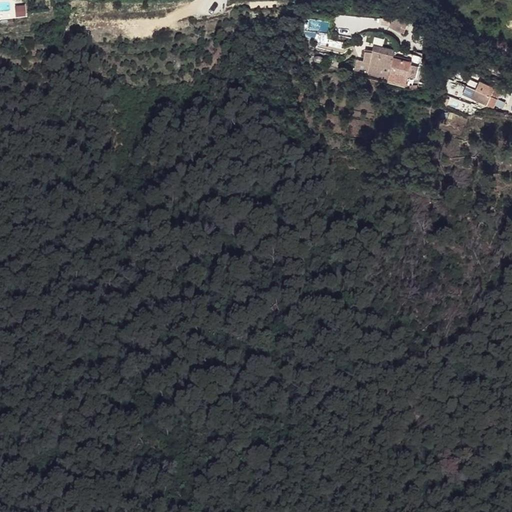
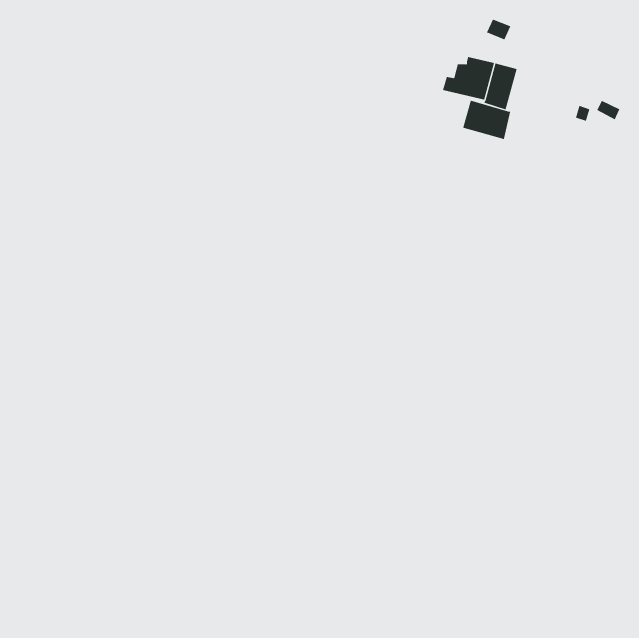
building: none -> [463,100,511,140]

